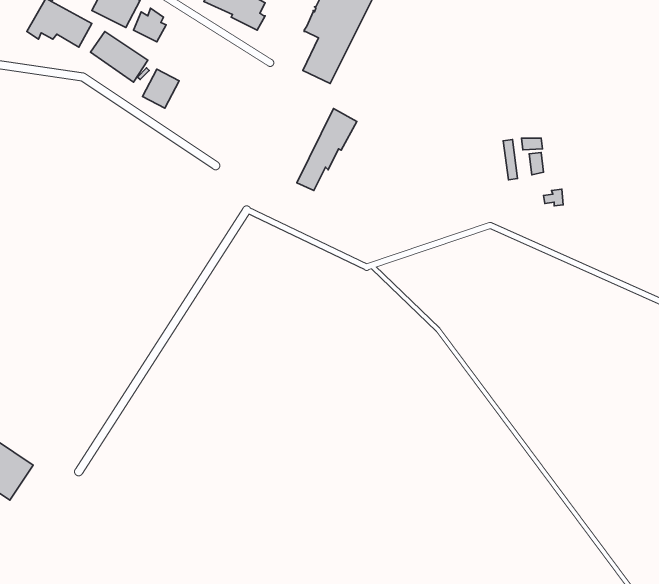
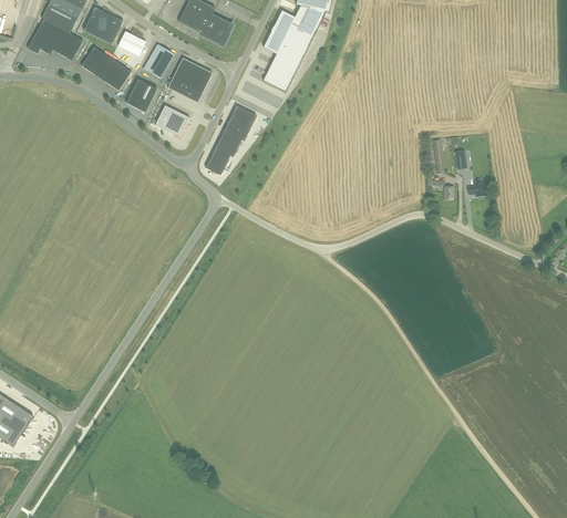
building: none -> [143,43,175,77]
building: none -> [168,56,213,101]
building: none -> [153,101,188,133]
building: [297,109,357,191] -> [206,104,257,174]

